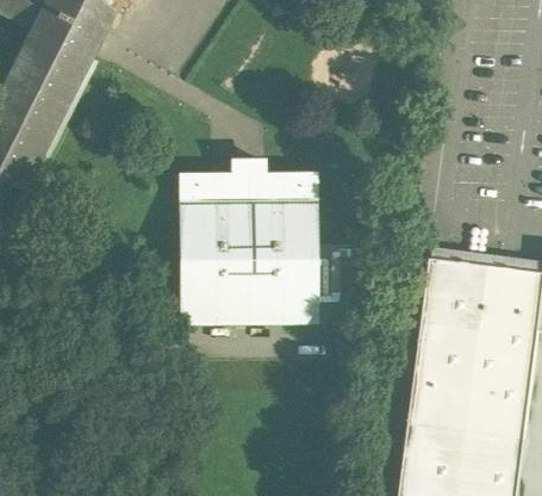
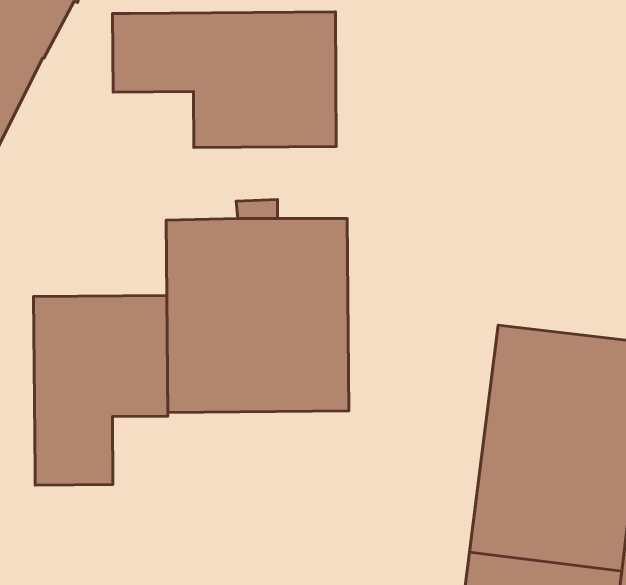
building: none -> [113,12,336,148]
building: none -> [34,295,168,485]

